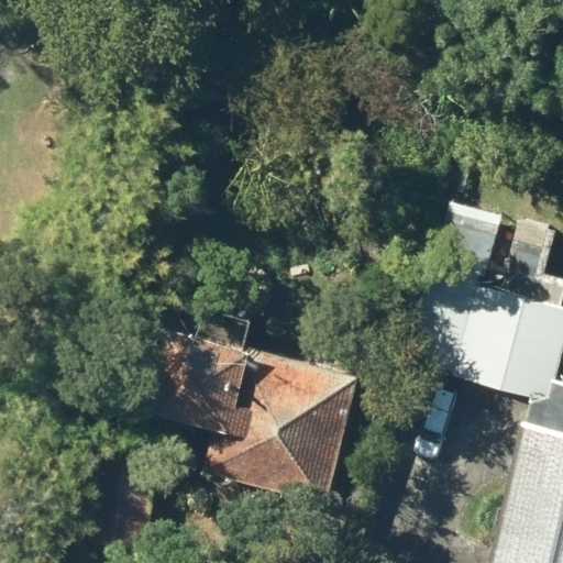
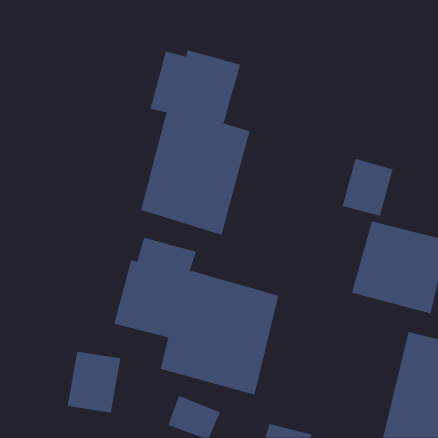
building: none -> [140,49,250,236]

